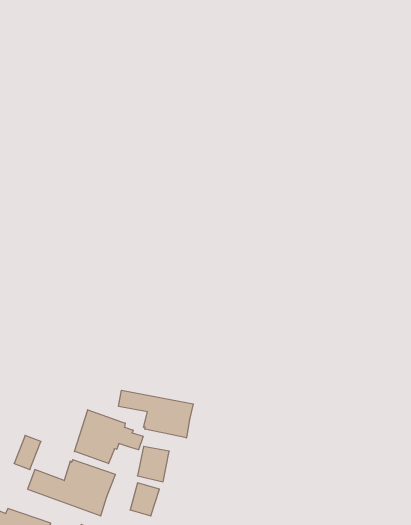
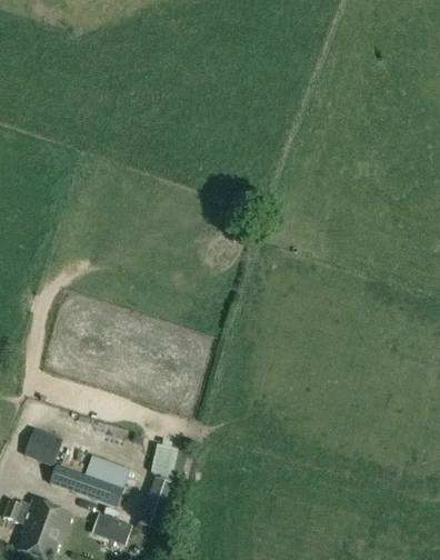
building: [119,390,193,438] -> none
building: [74,410,143,464] -> none

